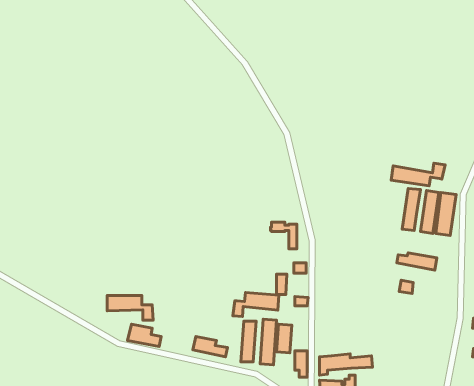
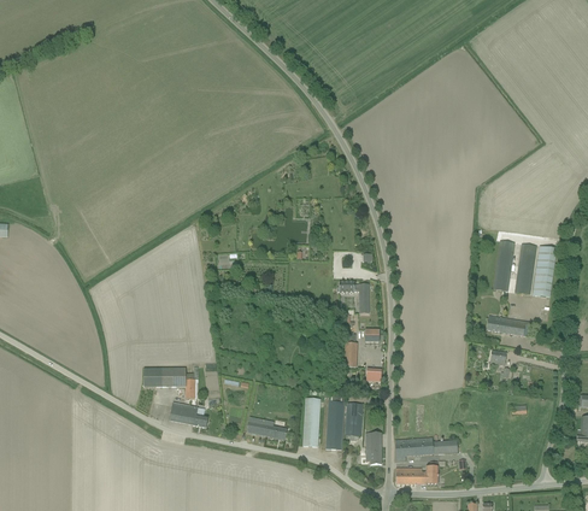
building: [391,163,445,186] -> none
building: [233,293,279,316] -> none

